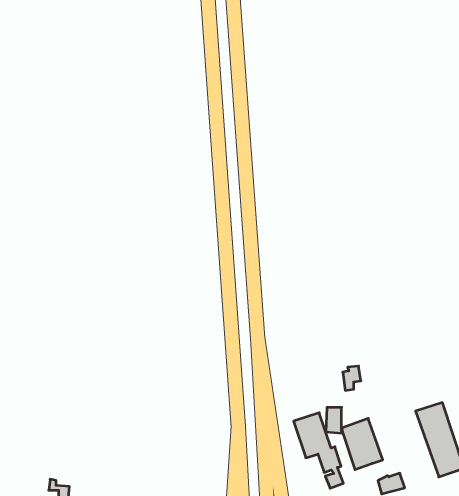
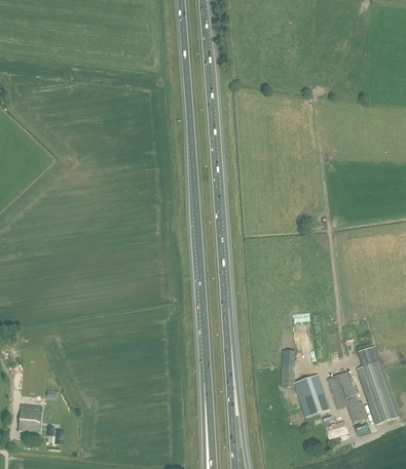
building: [294,413,343,488] -> [326,369,368,433]
building: none -> [17,407,40,430]

